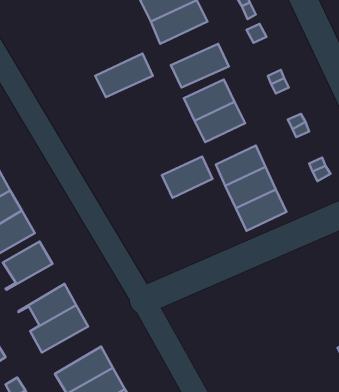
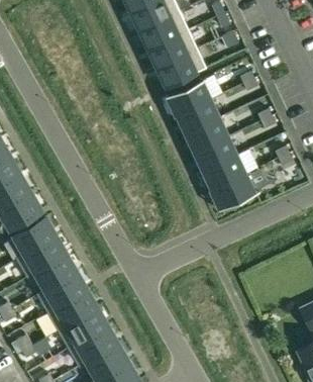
building: [95,53,153,97] -> [147,29,197,67]
building: [162,156,213,198] -> [186,116,229,152]
building: none -> [16,236,66,277]
building: none -> [46,290,97,330]

